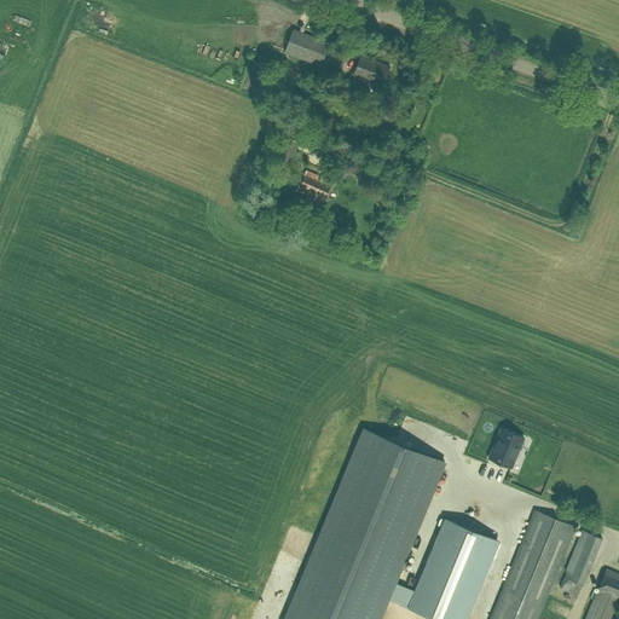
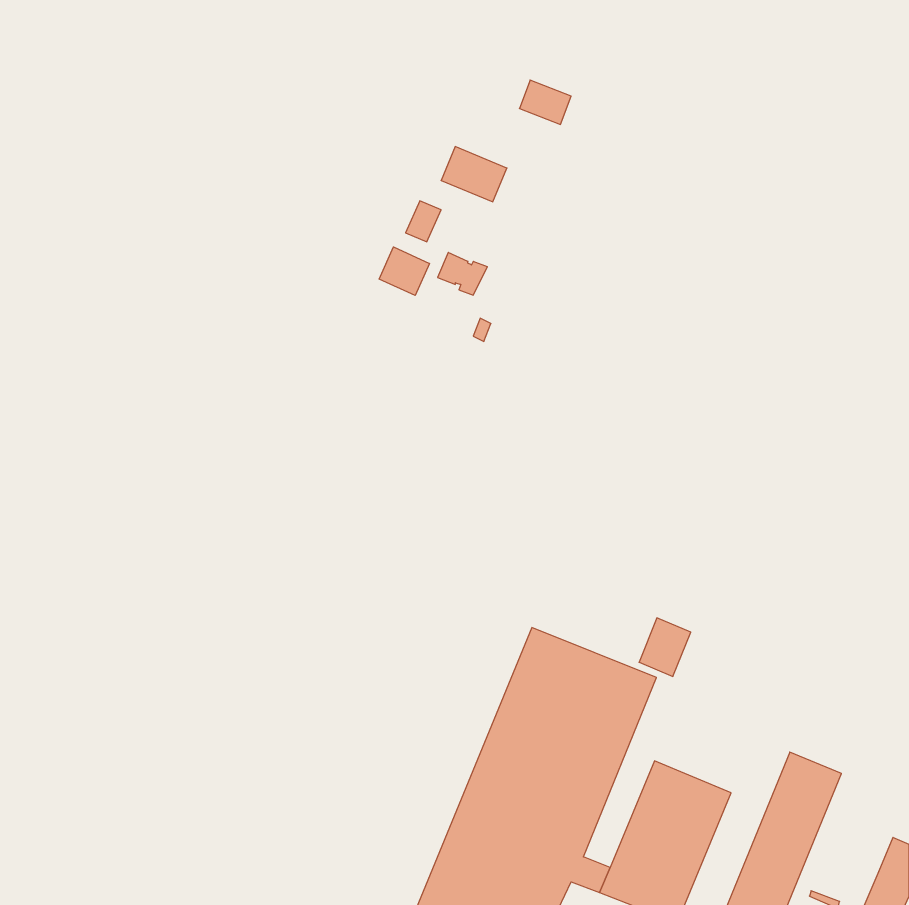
building: [284,30,329,68] -> [441,147,507,202]
building: none -> [379,247,429,295]
building: [487,428,522,468] -> [639,618,691,676]
building: [560,532,602,597] -> none

